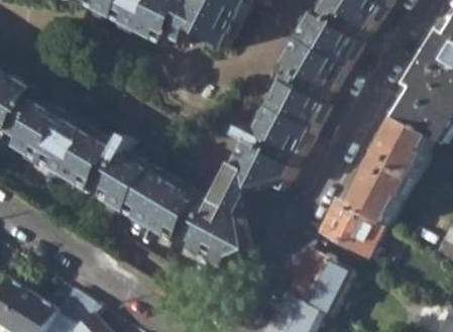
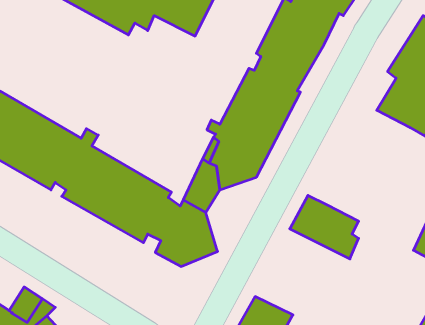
building: [346,118,424,223] -> none
building: [278,248,342,313] -> none

